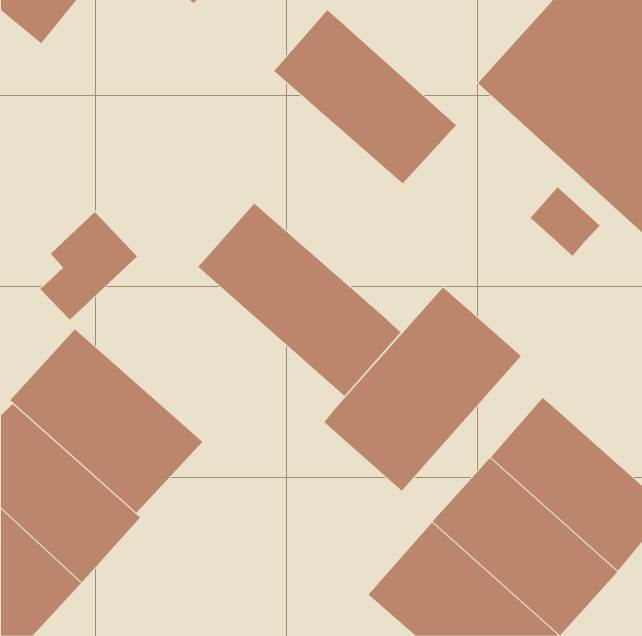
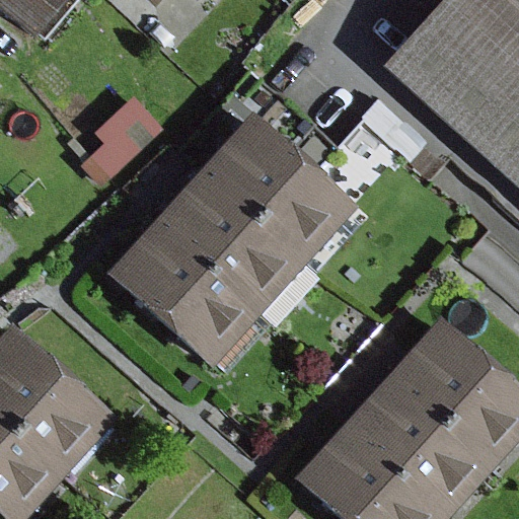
building: [273,9,457,184] -> [206,114,354,254]
building: [40,211,138,321] -> [89,94,168,182]
building: [323,287,522,491] -> none
building: [9,328,203,513] -> [107,215,264,364]

